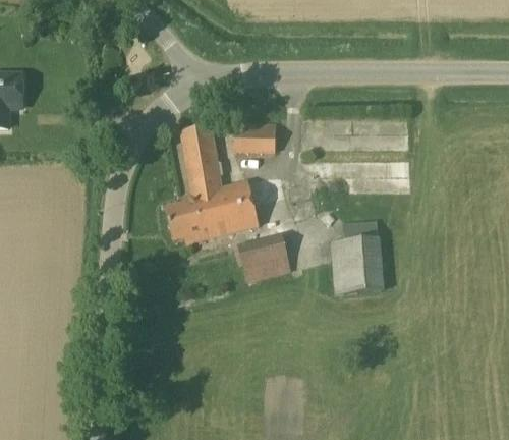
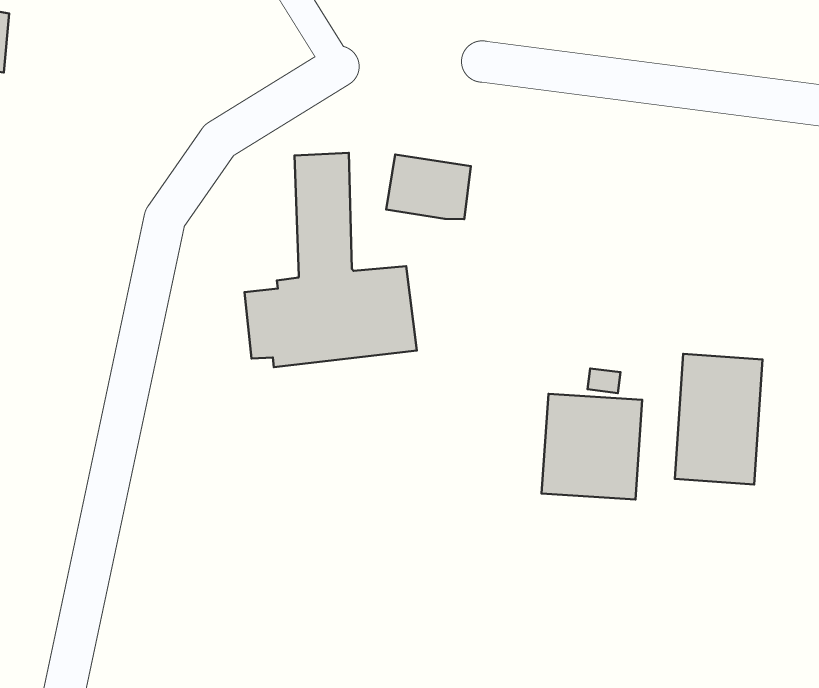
building: none -> [675,354,763,484]
building: [236,233,290,282] -> none

